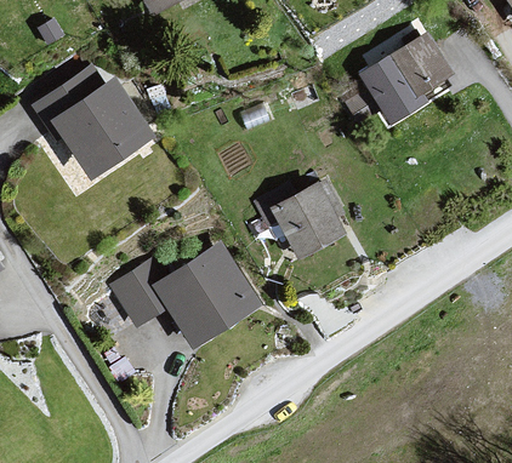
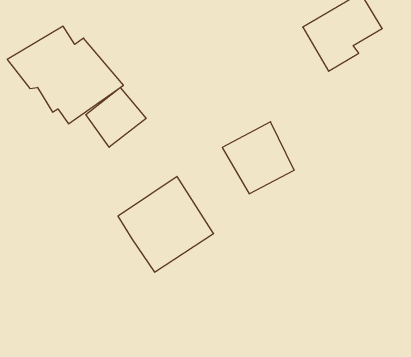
building: none -> [86,87,146,147]
building: [107,258,167,327] -> none

